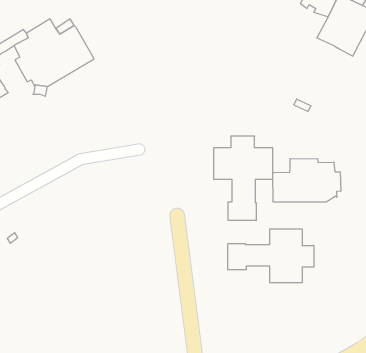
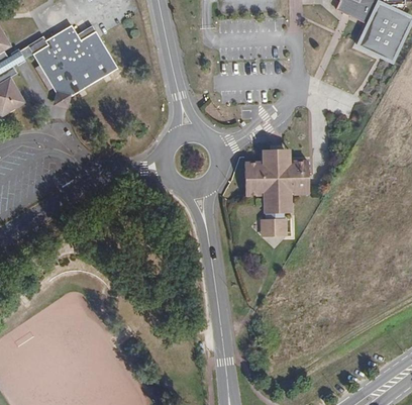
building: [273,159,341,202] -> none
building: [228,229,314,283] -> none

